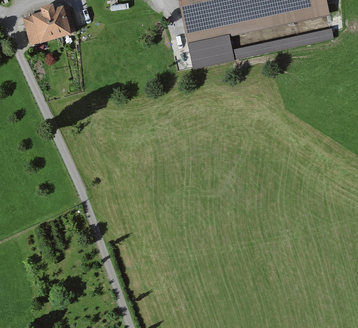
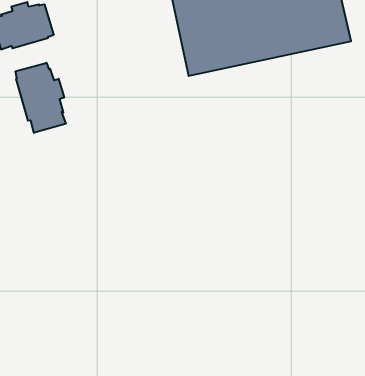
building: none -> [16,63,66,133]

